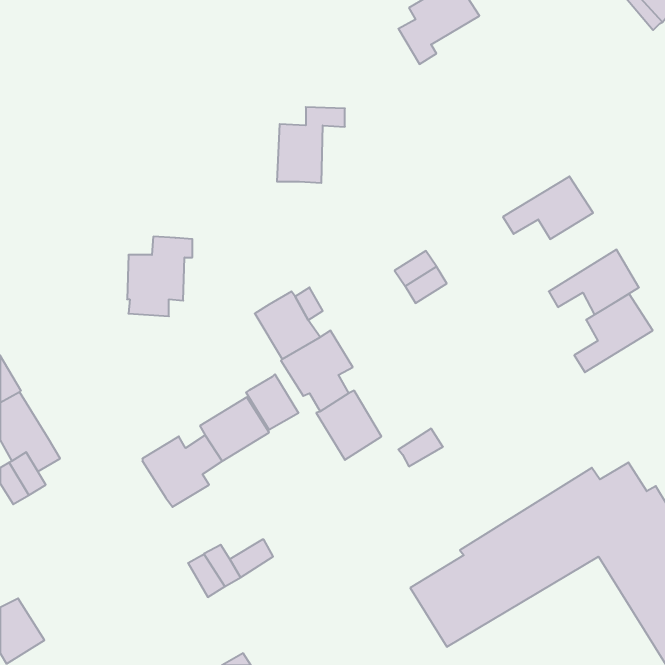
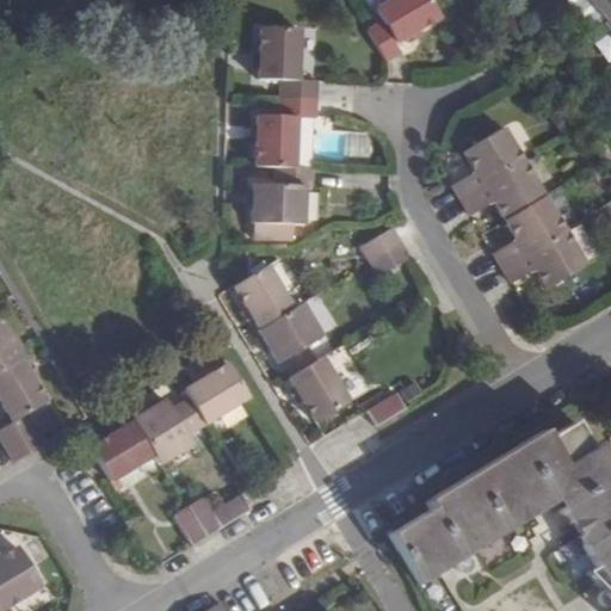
building: none -> [259,27,319,99]
building: none -> [452,126,523,198]
building: [127,237,192,316] -> [252,166,311,239]
building: [574,294,653,372] -> [494,195,566,266]
building: [246,374,298,430] -> none
building: none -> [91,421,154,480]

